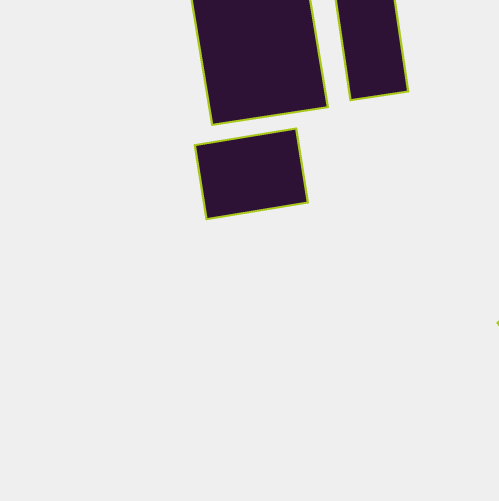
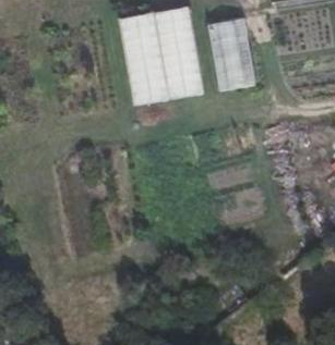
building: [195,129,308,219] -> none

